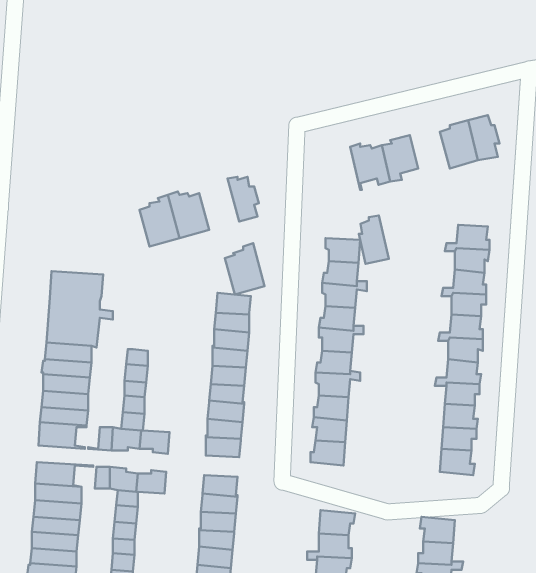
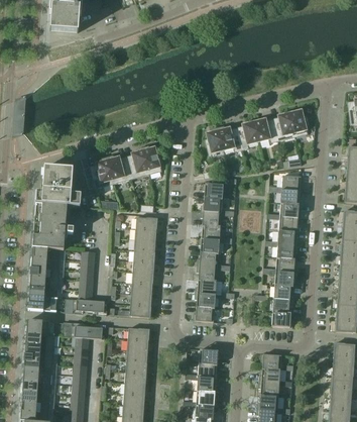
building: none -> [254,117,278,141]
building: none -> [36,166,82,206]
building: [359,216,389,264] -> [206,127,224,156]
building: [225,243,265,295] -> [126,146,150,178]

